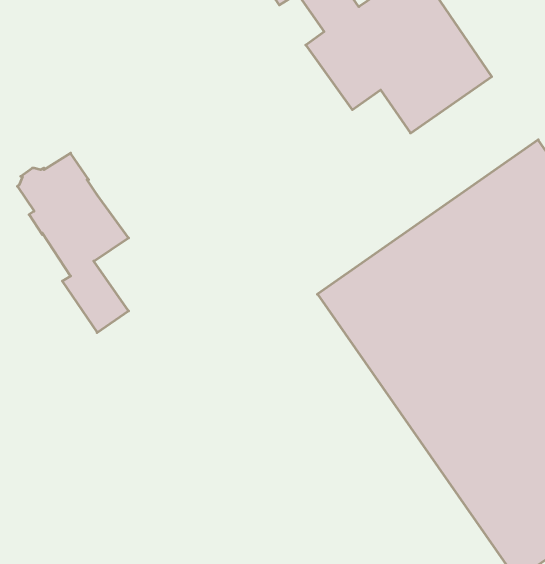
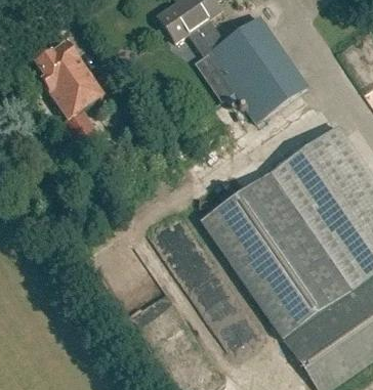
building: [17,153,129,333] -> [36,43,105,154]

